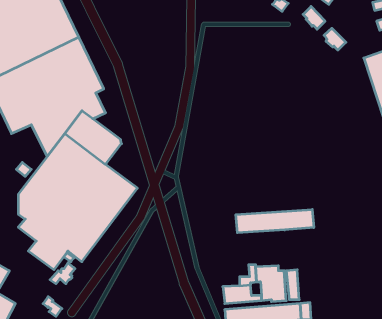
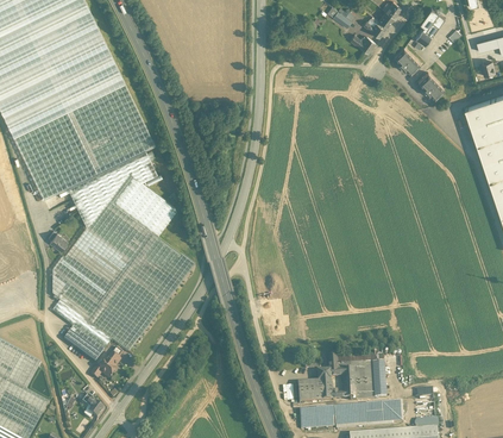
building: [236,209,314,233] -> none

